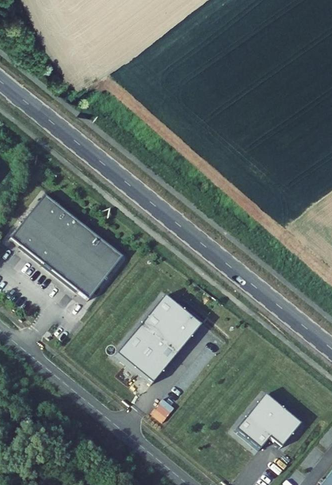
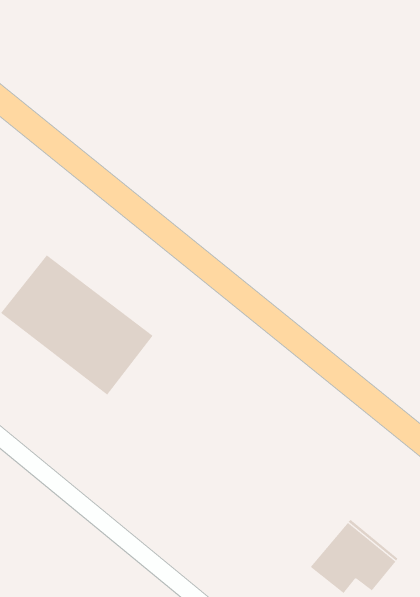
building: [120,293,204,381] -> none

